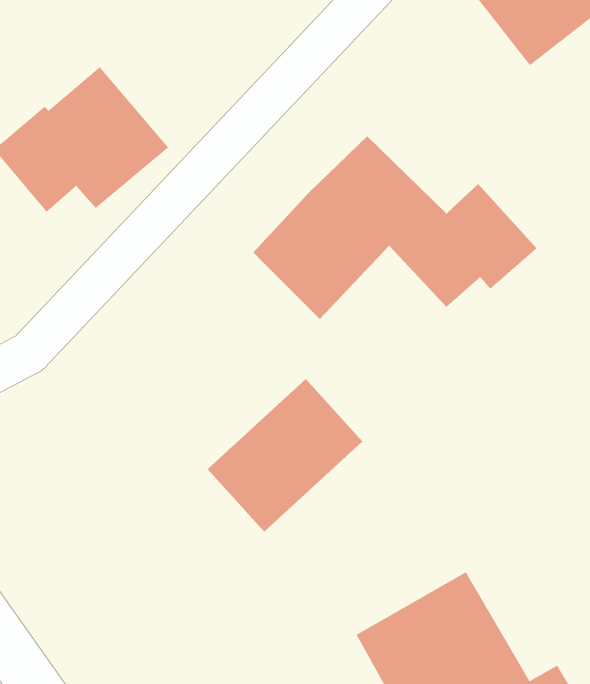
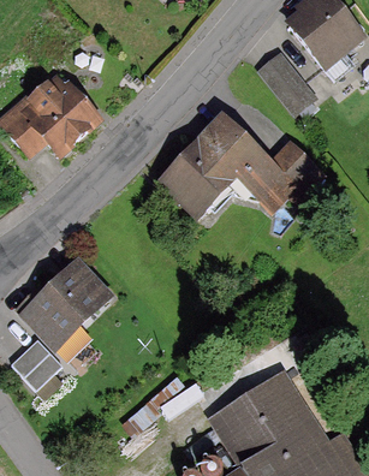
building: none -> [256,53,315,118]
building: [207,378,363,533] -> [18,256,113,350]
building: none -> [8,341,63,394]

